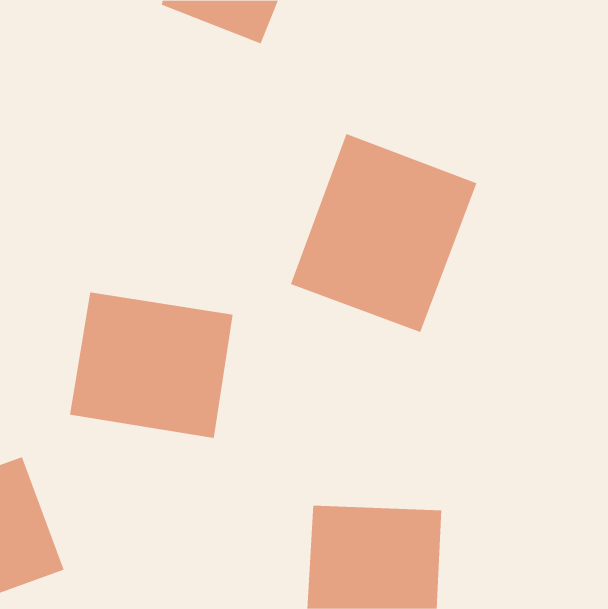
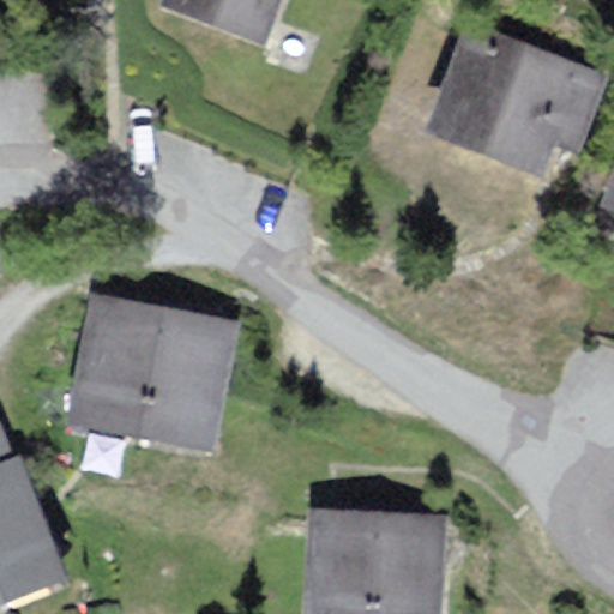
building: none -> [431,25,602,176]
building: [290,133,477,333] -> none

